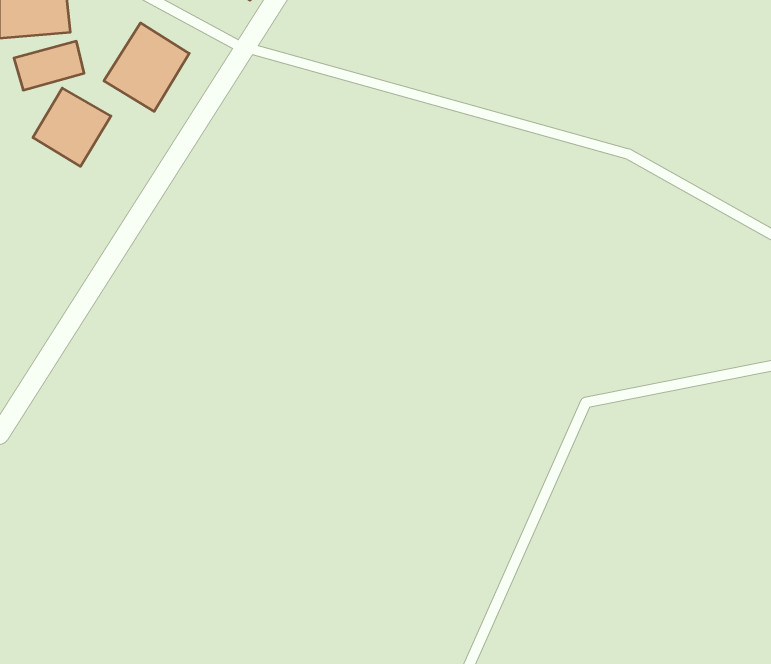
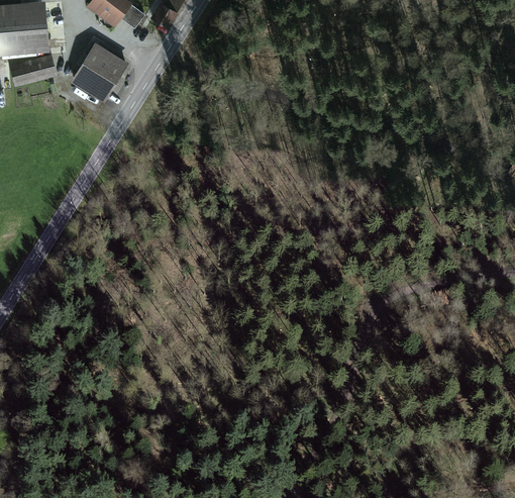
building: [33,88,111,166] -> none

